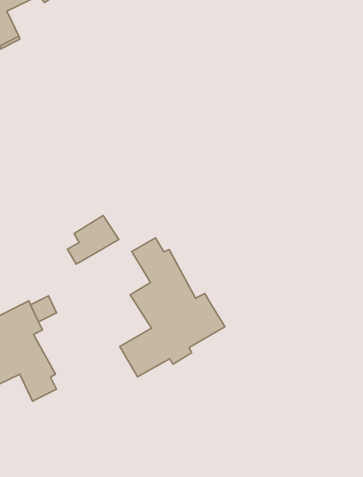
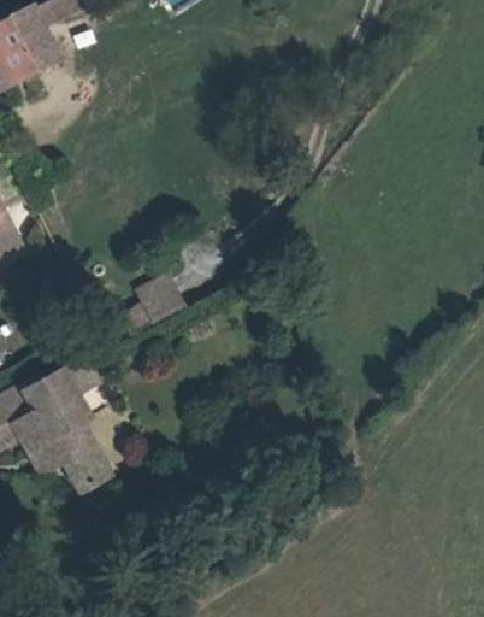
building: [120,238,225,377] -> none

